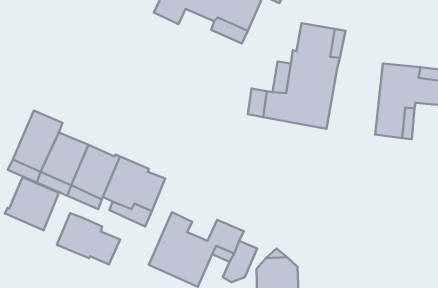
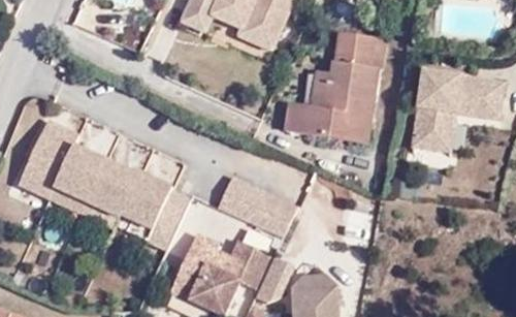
building: none -> [219,173,297,234]
building: [5,177,59,231] -> none
building: [57,213,120,265] -> none

